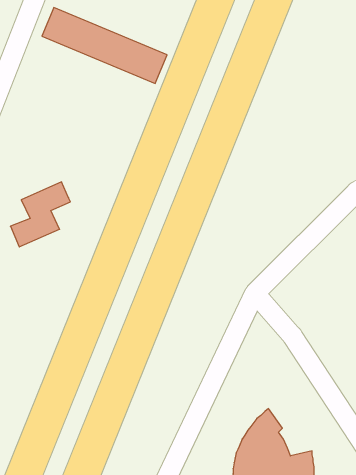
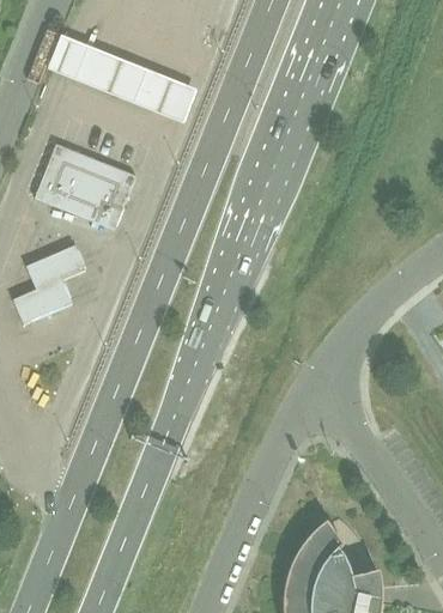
building: none -> [35,145,136,230]

